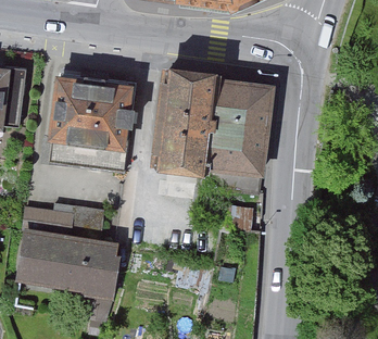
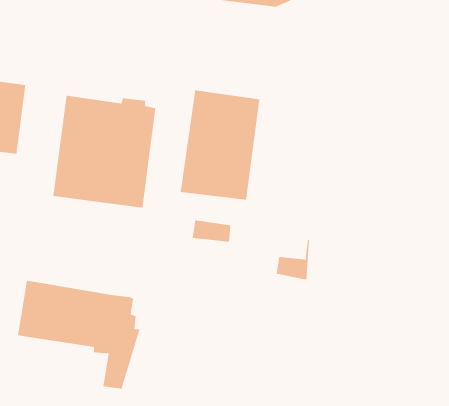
building: [206,83,270,196] -> none
building: [21,204,103,244] -> none

